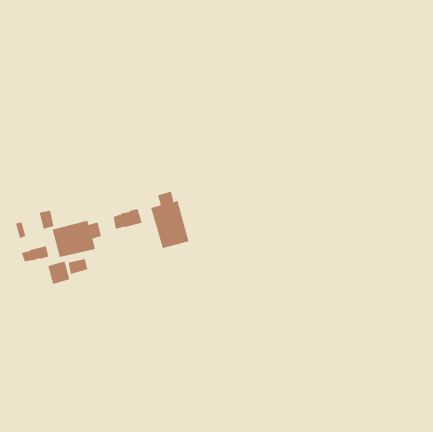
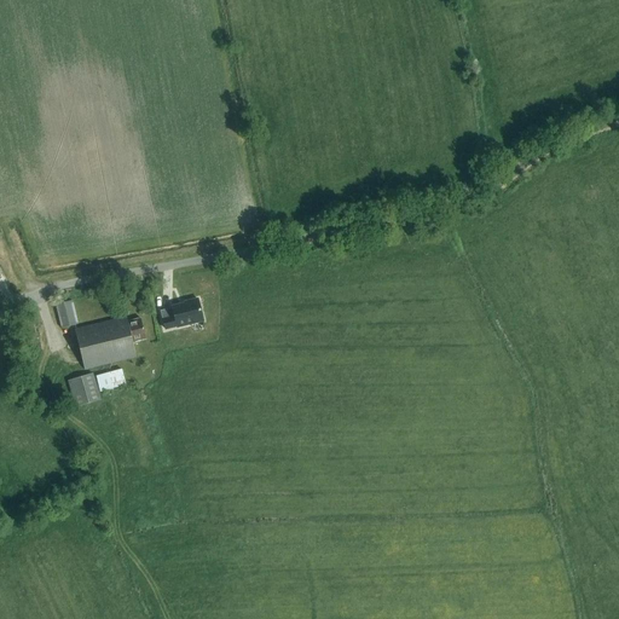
building: [150,191,189,249] -> none
building: [21,245,49,262] -> none

